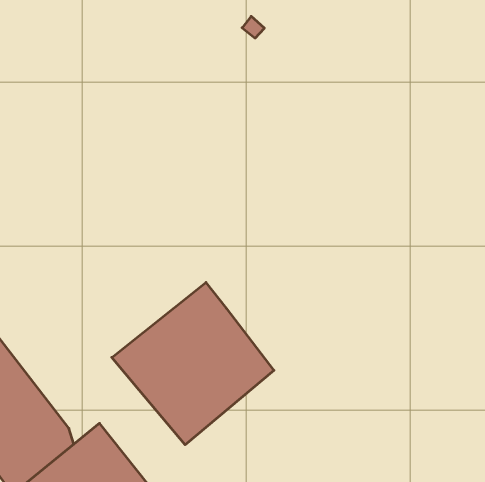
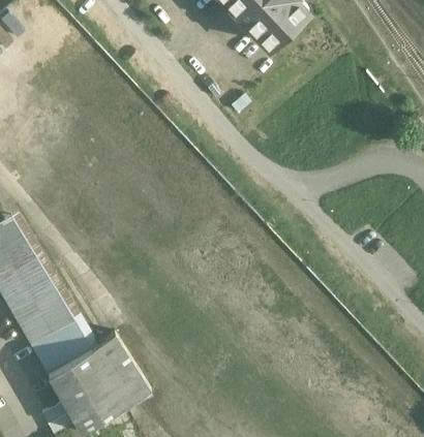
building: [112,282,274,445] -> none

